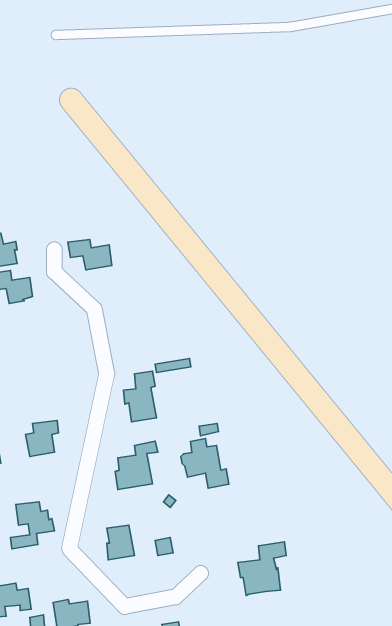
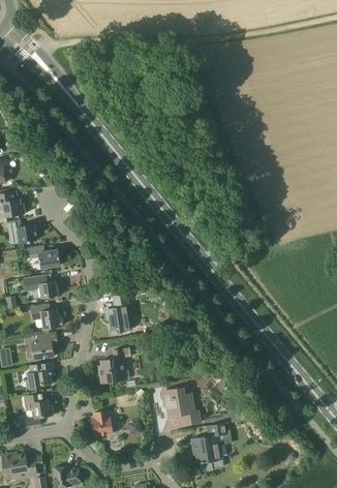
building: [68,239,112,270] -> [28,245,61,268]
building: none -> [24,274,58,298]
building: none -> [32,303,62,328]
building: [181,439,229,488] -> [164,388,201,425]
building: none -> [28,364,55,389]

